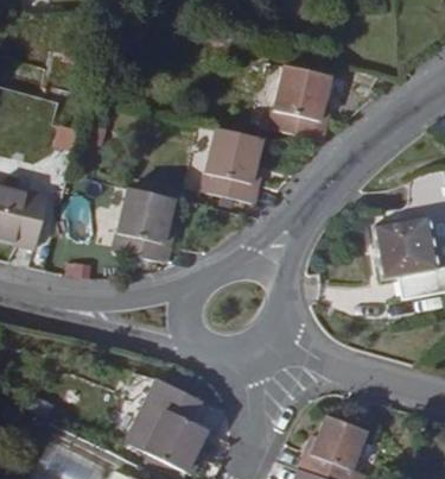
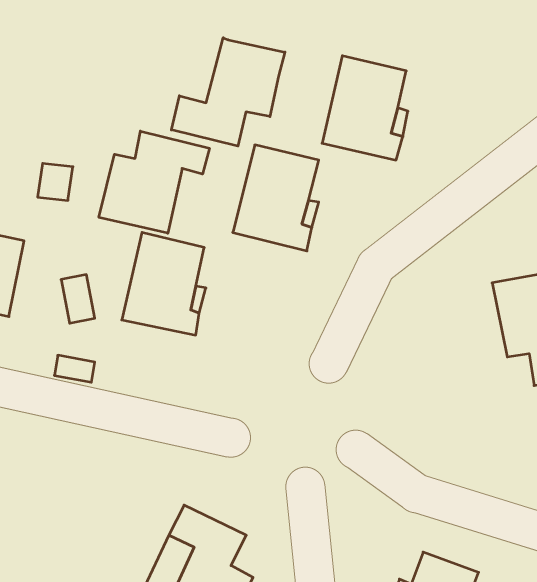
building: none -> [171,38,285,146]
building: none -> [99,131,209,233]

